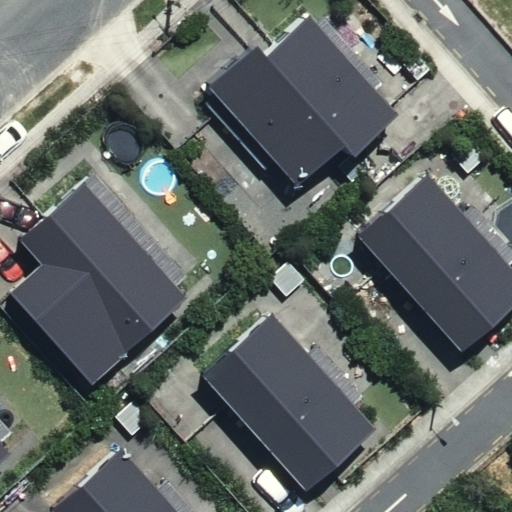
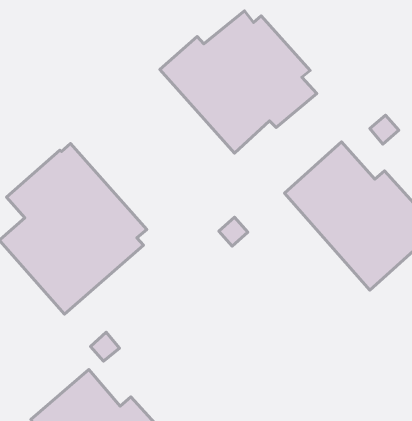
building: [202,315,377,492] -> none

